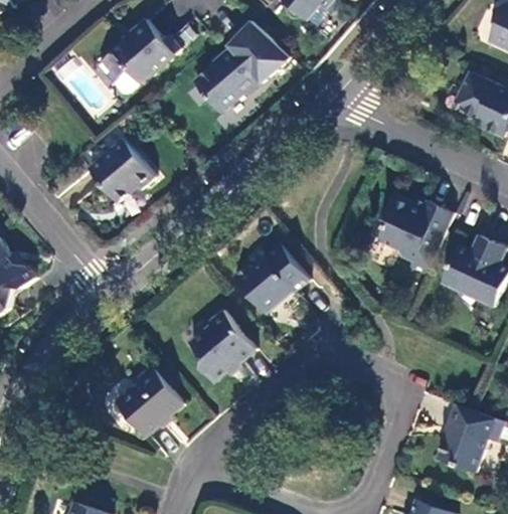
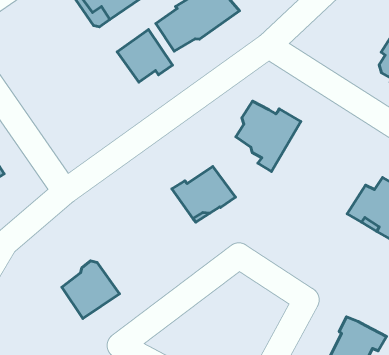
building: [88,140,154,203] -> [117,29,172,82]
building: [378,195,453,276] -> [236,101,301,172]
building: [189,309,256,381] -> none

